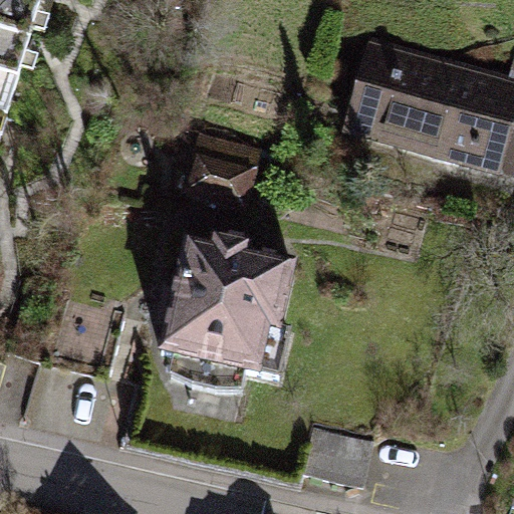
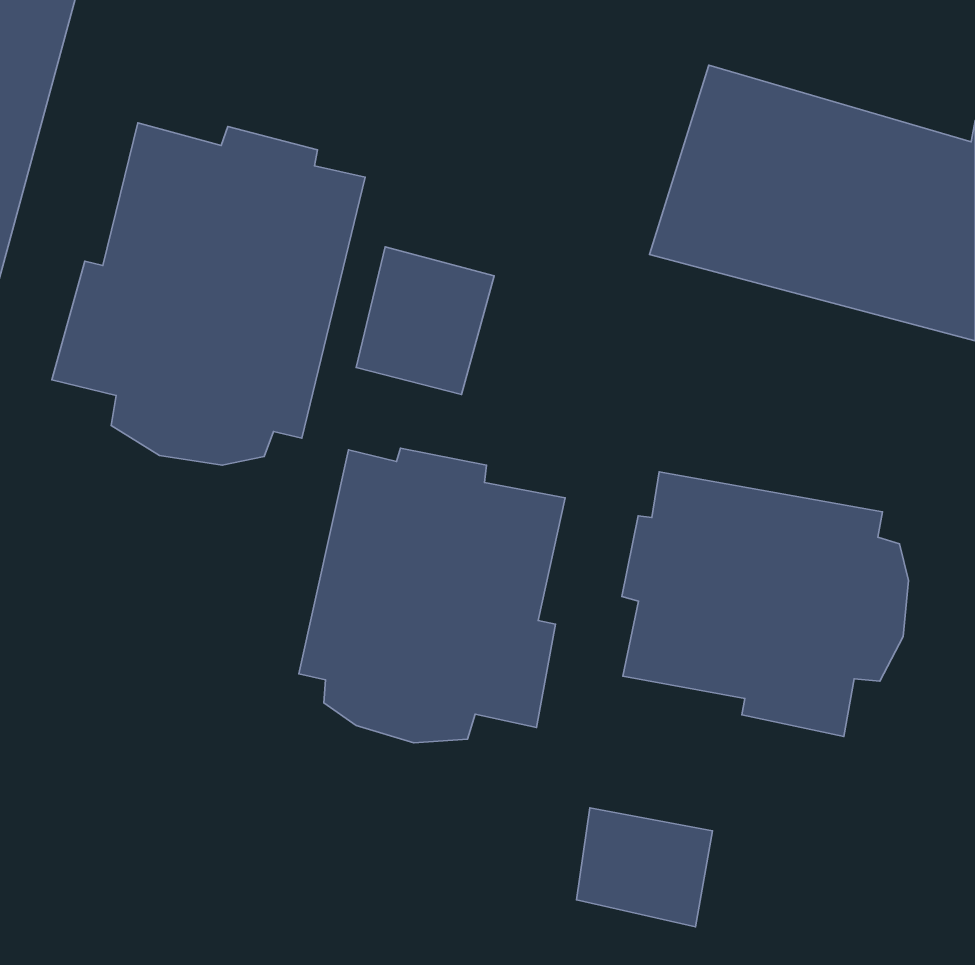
building: none -> [52,123,365,465]
building: none -> [622,472,909,736]

